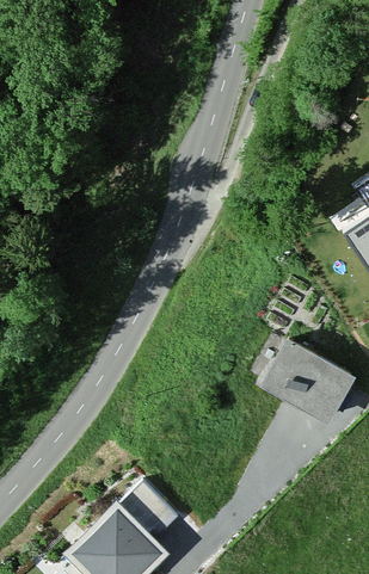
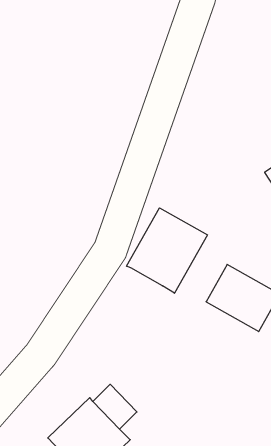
building: none -> [127,208,207,293]

